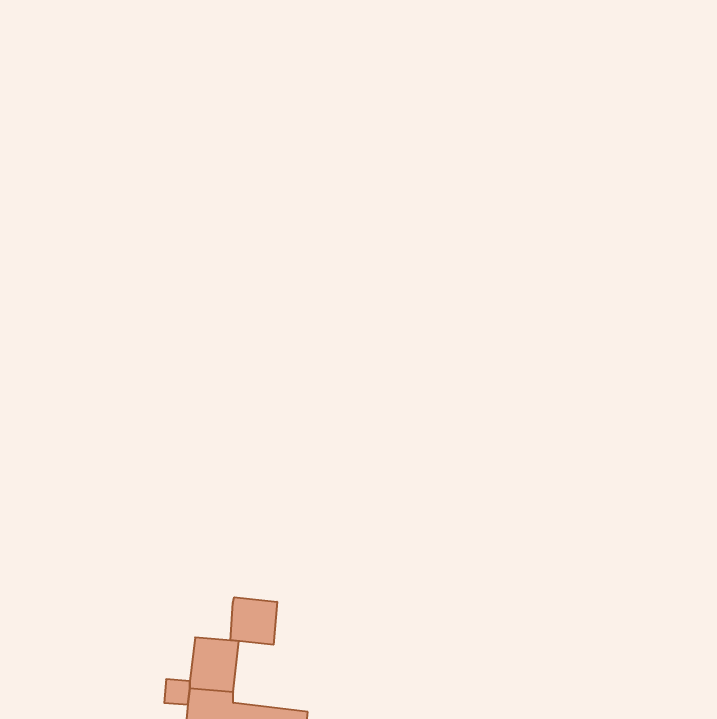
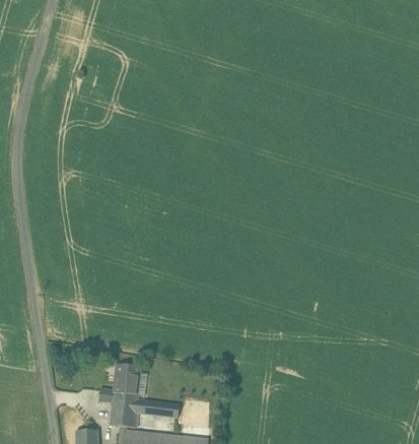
building: [231,597,277,645] -> none

